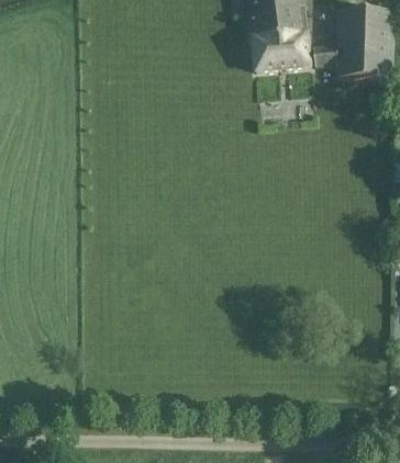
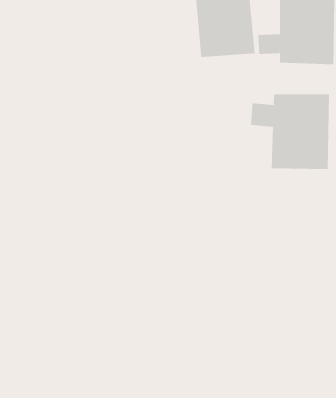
building: none -> [250,93,330,170]

